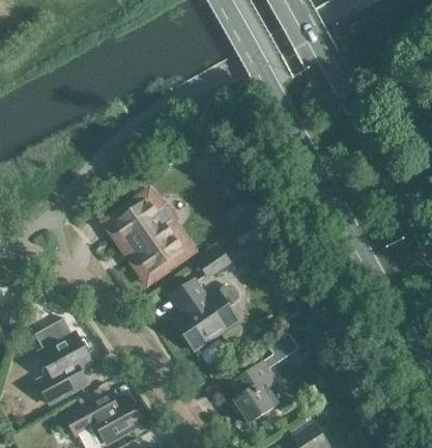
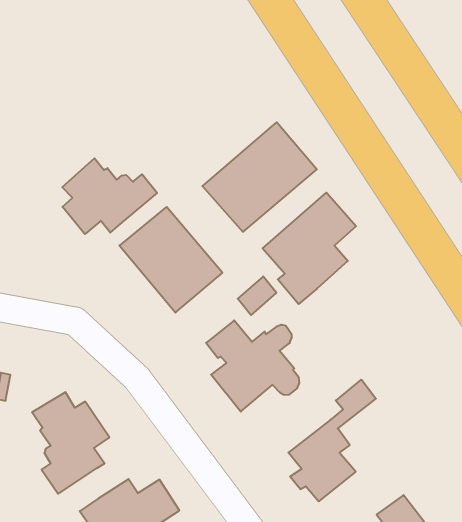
building: none -> [202,122,317,232]
building: none -> [62,158,157,234]
building: none -> [263,193,356,304]

